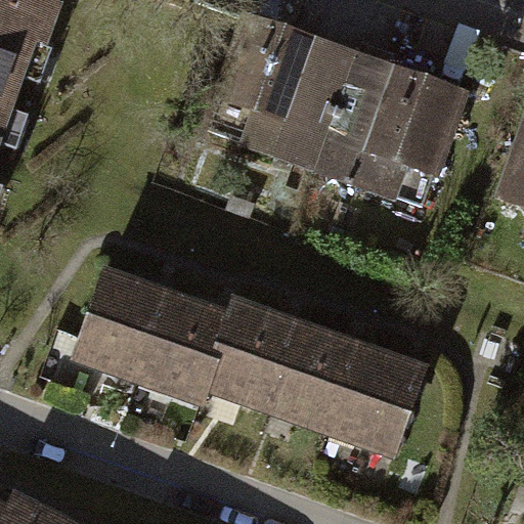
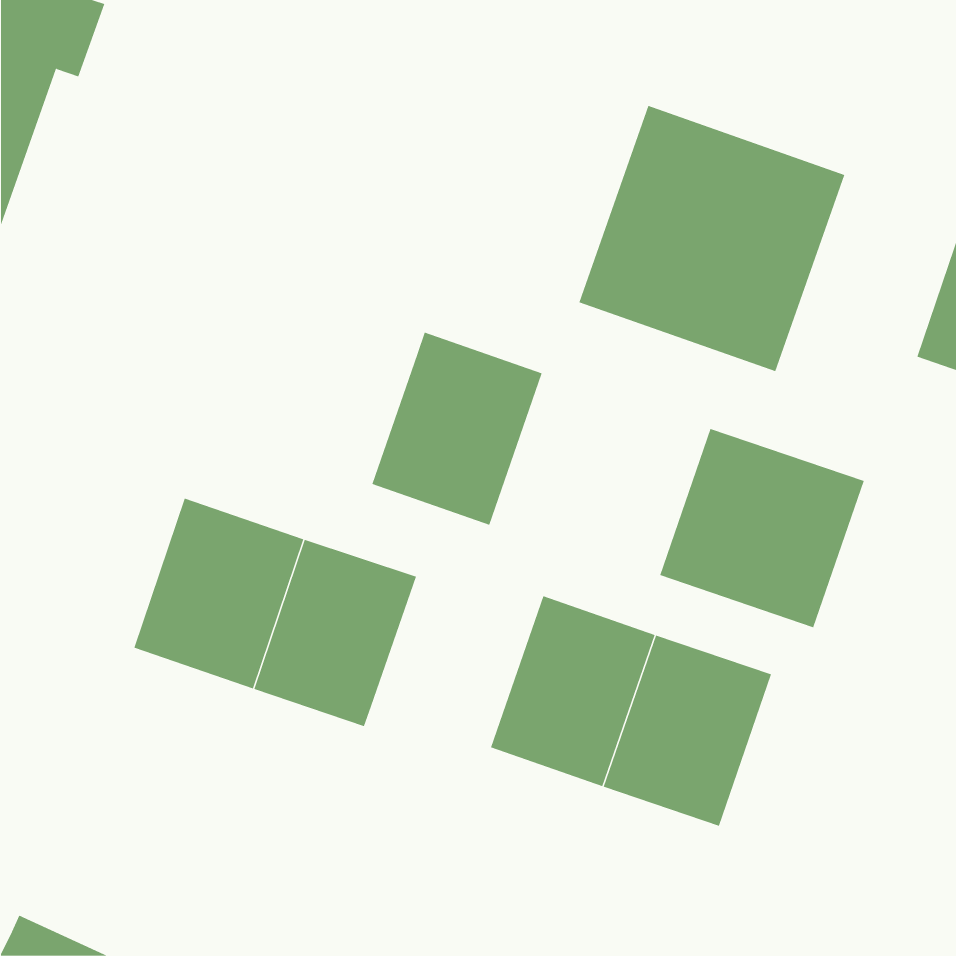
building: [207,15,355,170] -> none
building: none -> [659,428,864,628]
building: [205,302,298,407] -> [371,332,542,525]

